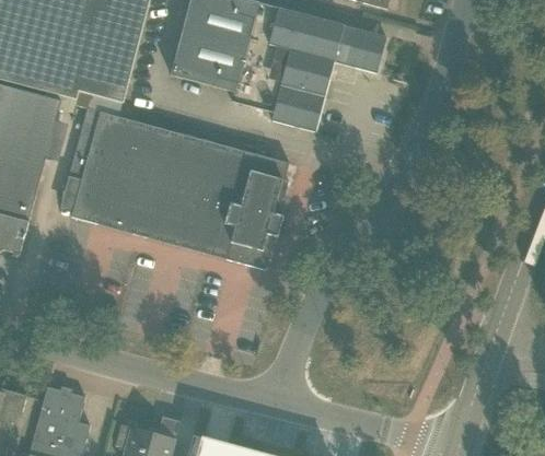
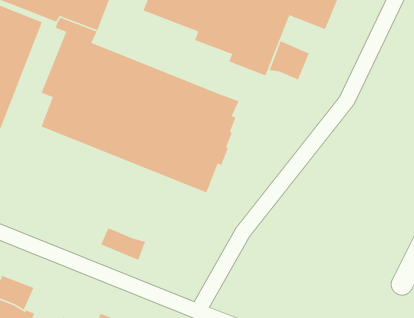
building: none -> [268,40,310,81]
building: none -> [100,227,147,261]

